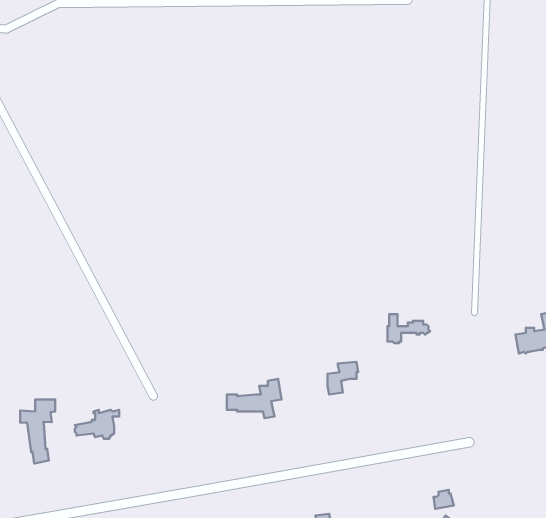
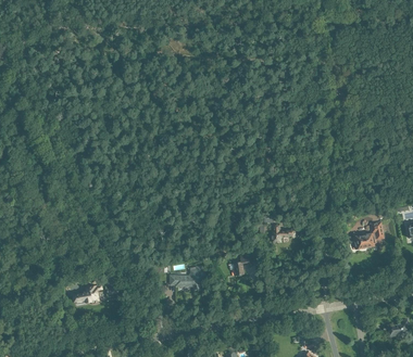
building: [20,399,55,463] -> none

